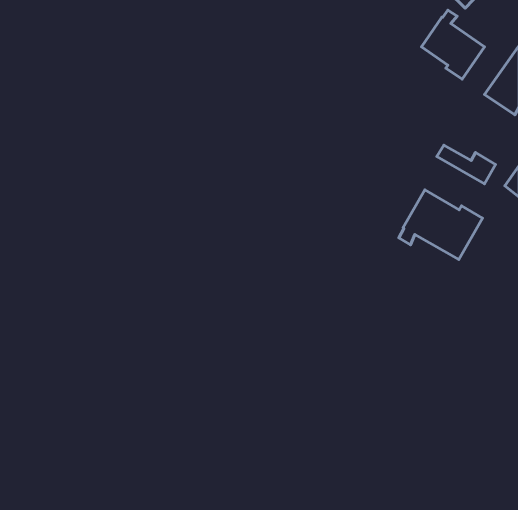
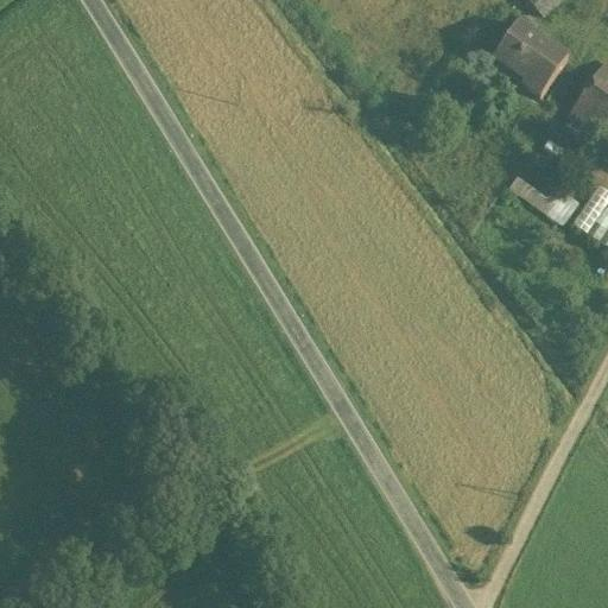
building: [399,190,483,259] -> none

